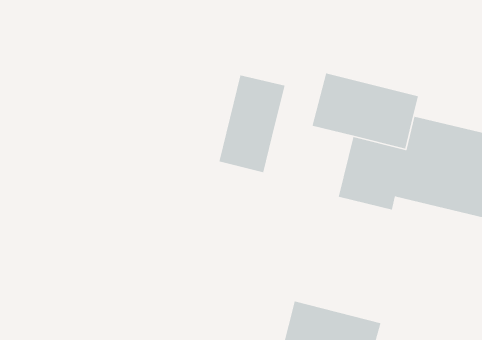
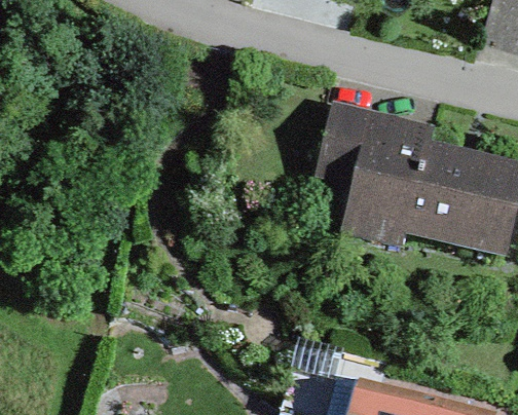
building: [219,75,286,173] -> none

